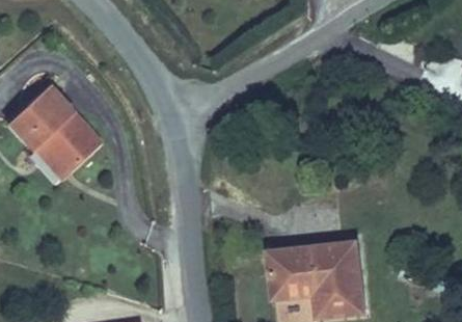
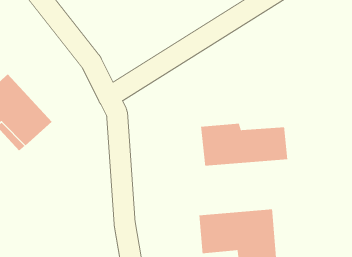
building: none -> [200,123,288,167]

